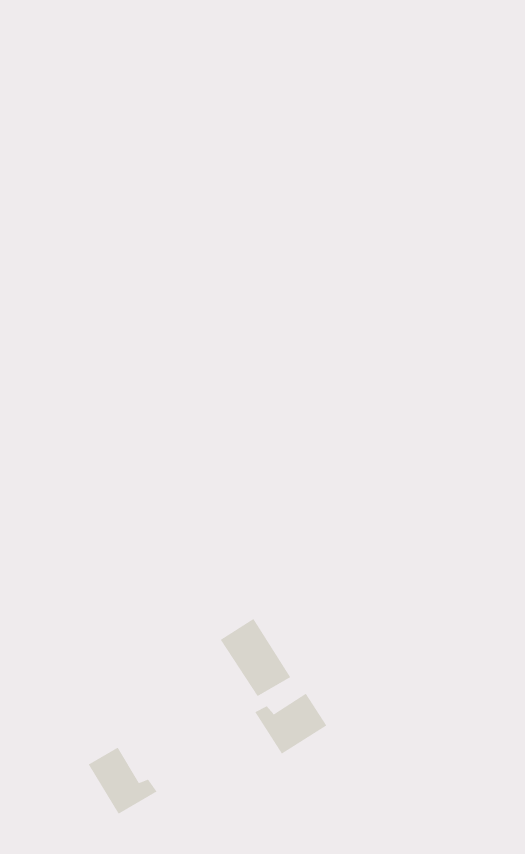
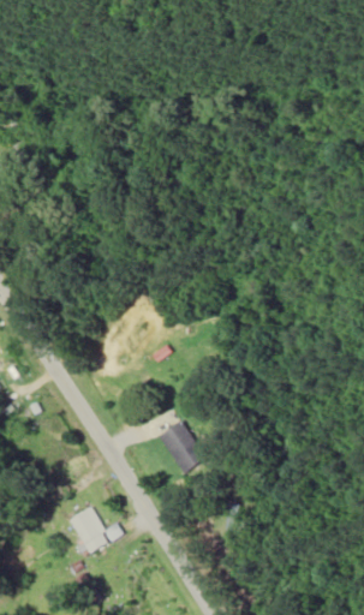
building: [254,693,327,754] -> none

